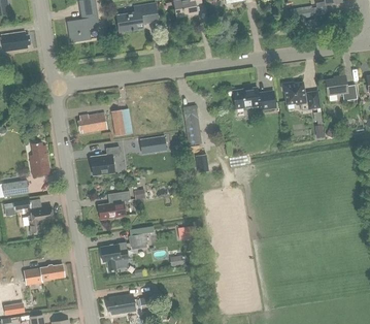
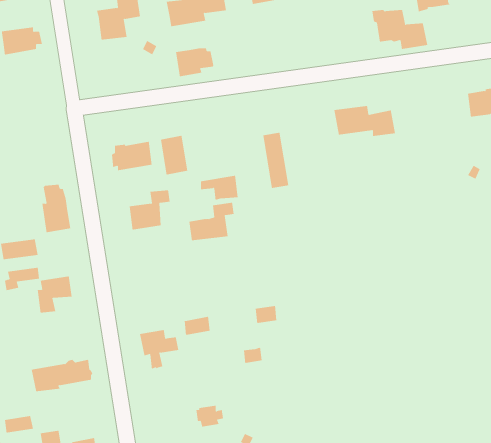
building: none -> [175,48,214,77]
building: [281,82,321,109] -> [372,9,428,50]
building: [96,191,128,218] -> [188,202,234,241]
building: [105,293,136,315] -> none

